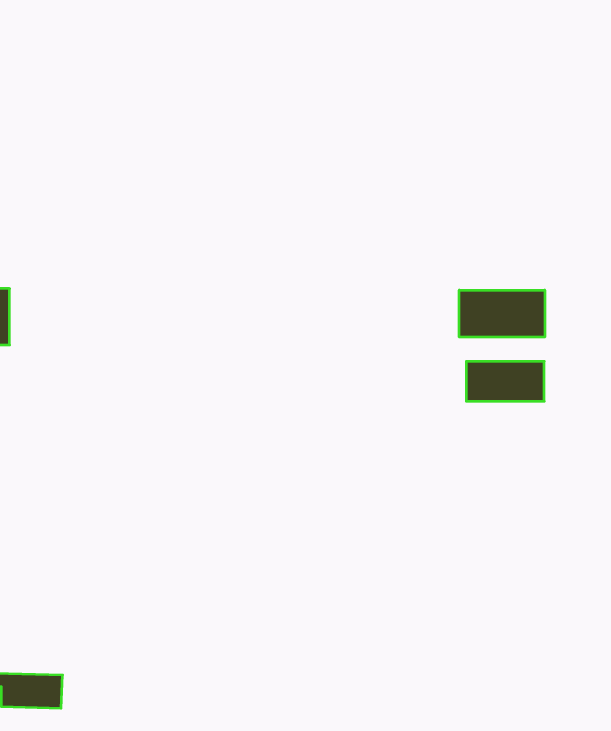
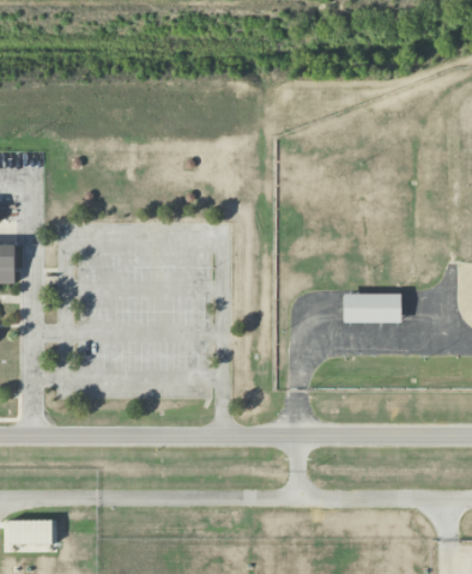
building: [459,290,545,337] -> none

